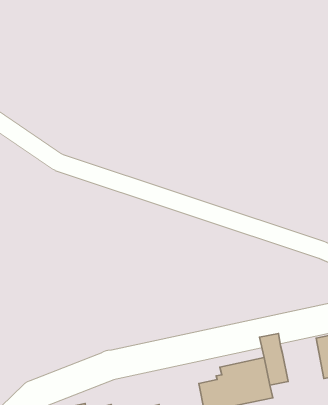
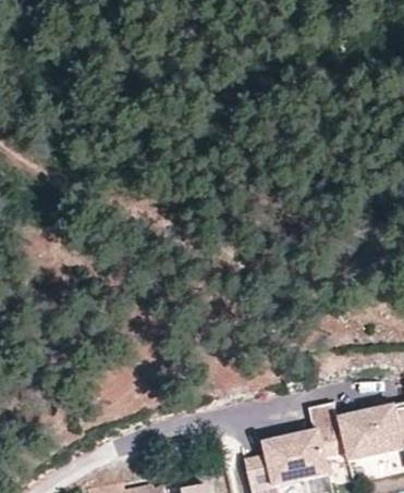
building: none -> [342,407,389,461]

